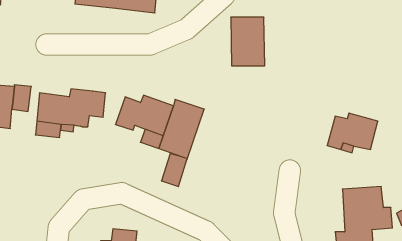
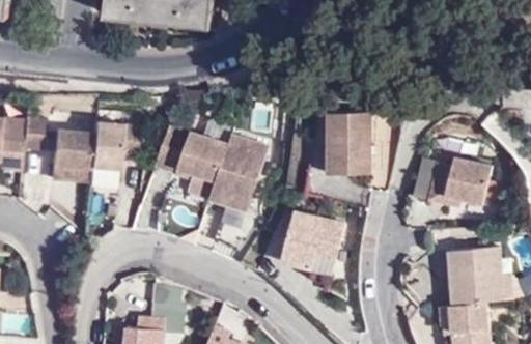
building: [231,17,265,66] -> [326,113,369,175]
building: none -> [281,213,344,271]

